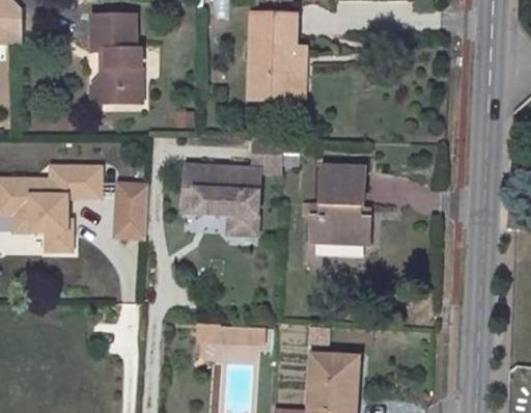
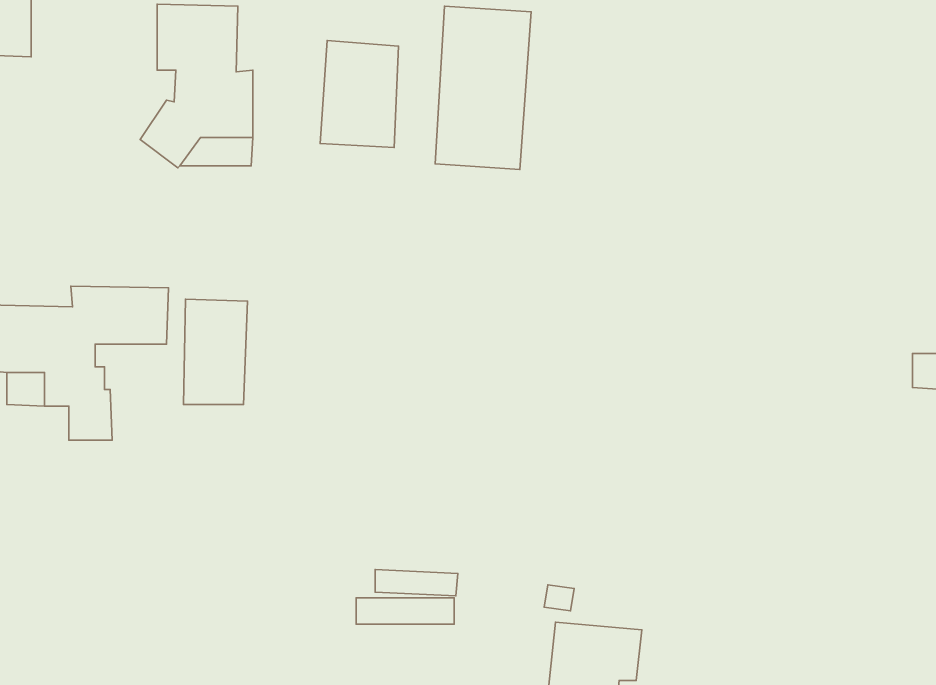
building: none -> [320,41,399,148]
building: [307,165,369,243] -> none
building: [183,166,258,237] -> none

